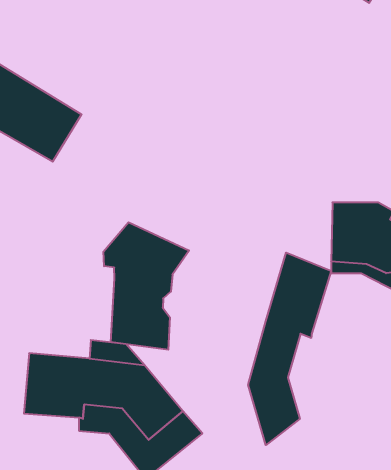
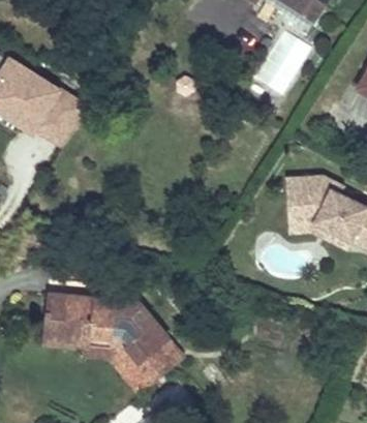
building: [103,222,189,350] -> none
building: [248,253,331,445] -> none

